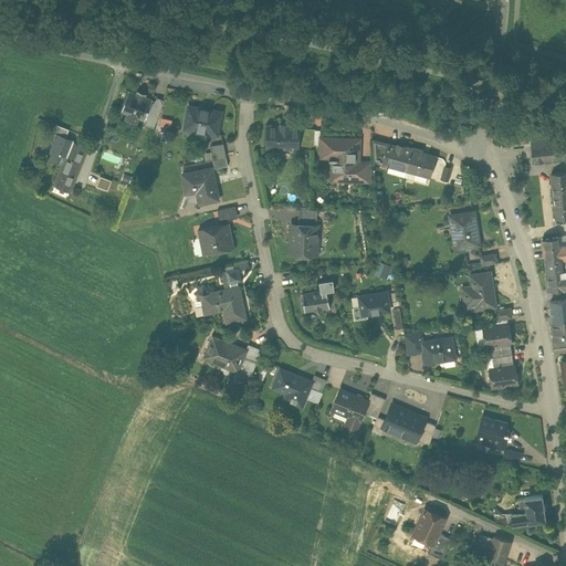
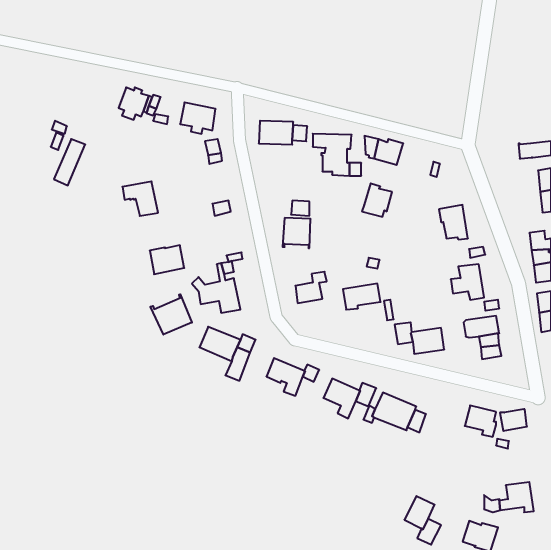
building: [405,148,436,182] -> [362,183,392,217]
building: [182,168,219,203] -> [122,181,158,216]
building: [199,224,234,254] -> [150,245,184,274]
building: none -> [150,294,192,335]
building: [490,366,517,388] -> [500,409,527,431]

